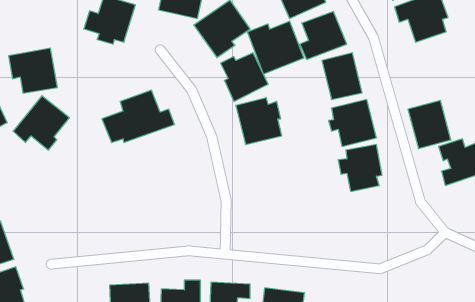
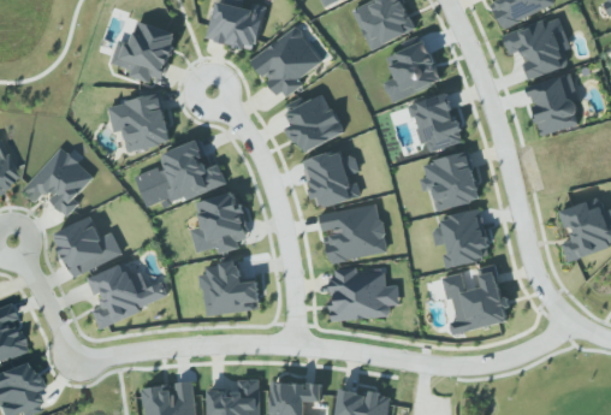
building: [248,21,304,74] -> none
building: [9,48,57,93] -> [108,94,170,150]
building: [408,101,451,148] -> [528,75,582,135]
building: none -> [190,191,248,253]
building: none -> [319,203,387,262]
building: none -> [53,217,123,277]
building: none -> [88,262,168,326]
building: none -> [200,263,261,315]
building: none -> [330,267,399,321]
building: none -> [441,272,510,334]

